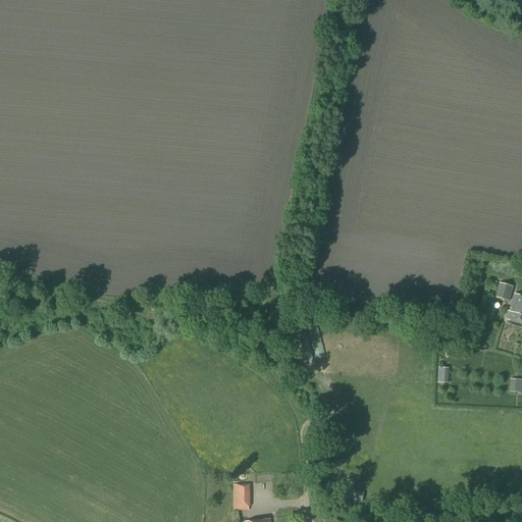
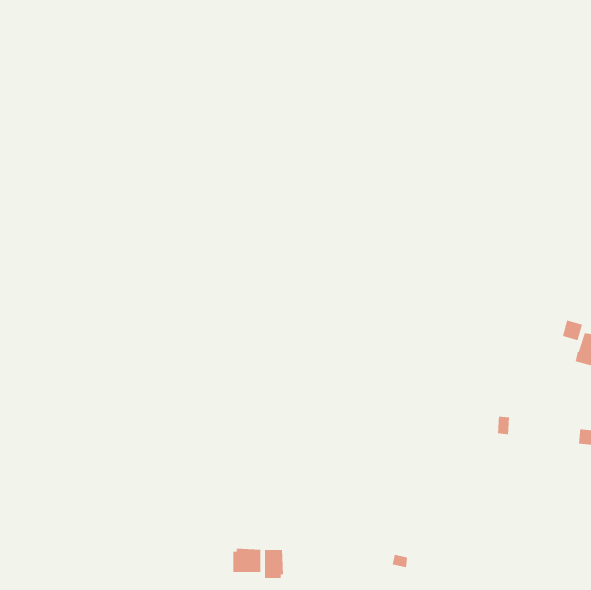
building: none -> [233,548,261,573]

